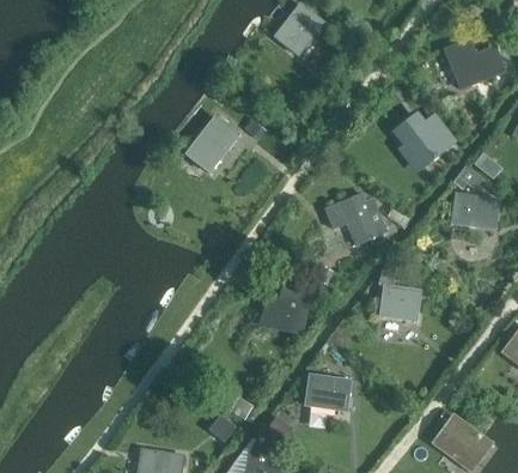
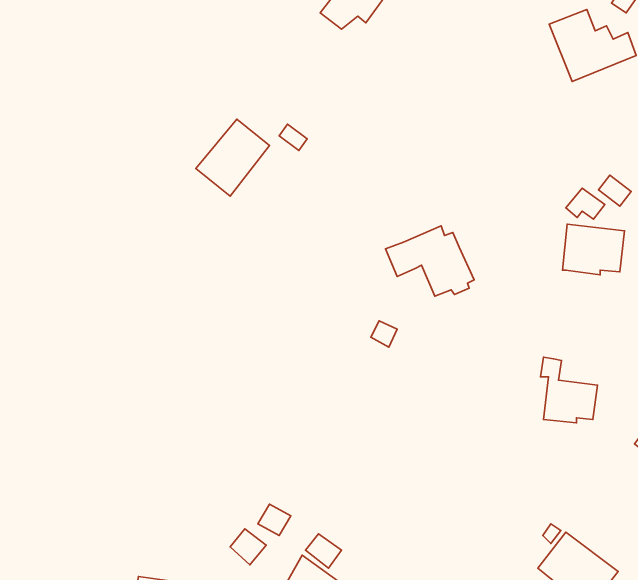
building: [402,115,451,163] -> none
building: [378,271,420,319] -> [540,357,598,423]
building: [263,286,307,333] -> none
building: [311,369,351,412] -> none

